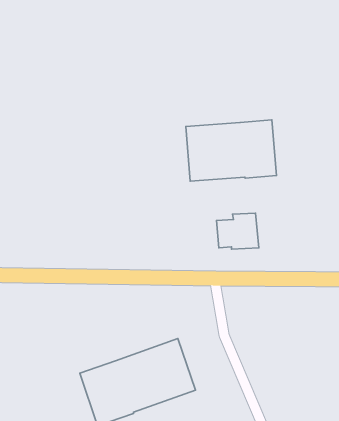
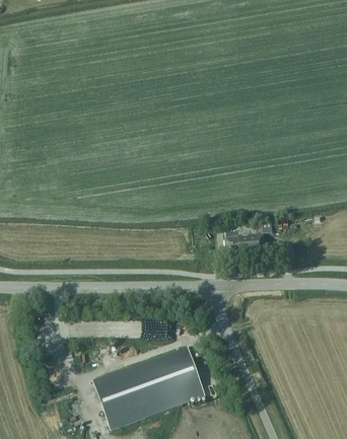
building: [186,120,277,181] -> none

